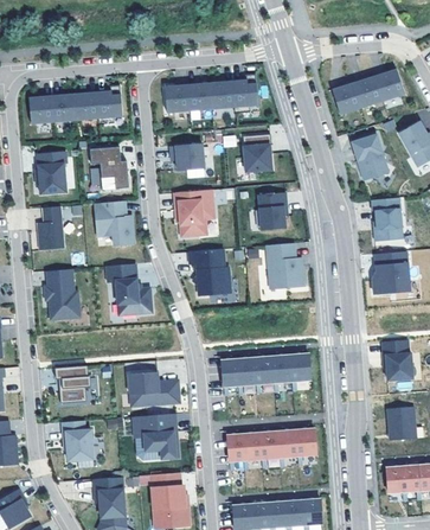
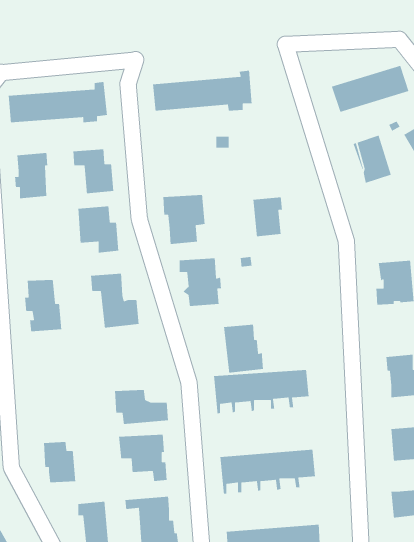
building: [244,134,272,172] -> none
building: [171,143,205,170] -> none
building: [372,197,403,241] -> none
building: [37,206,65,250] -> none
building: [267,243,304,289] -> [223,324,264,373]
building: [56,365,89,403] -> none

